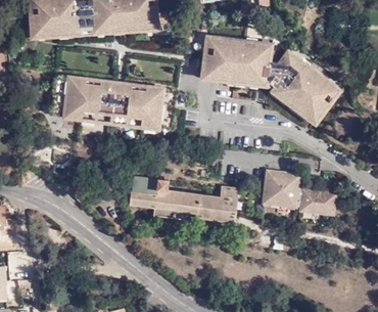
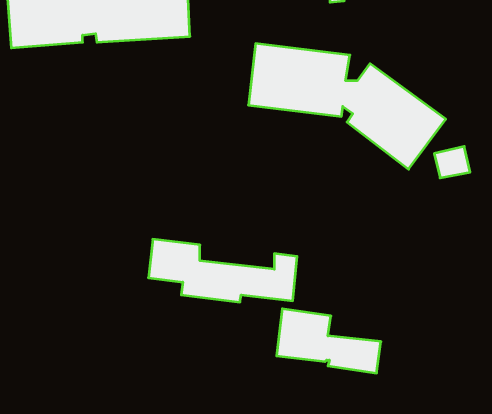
building: [51,74,166,131] -> none
building: [263,170,337,216] -> [277,309,381,373]

